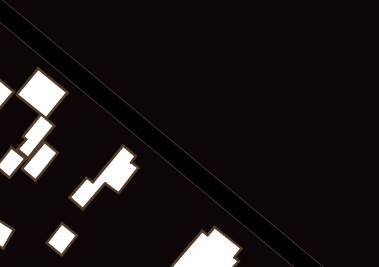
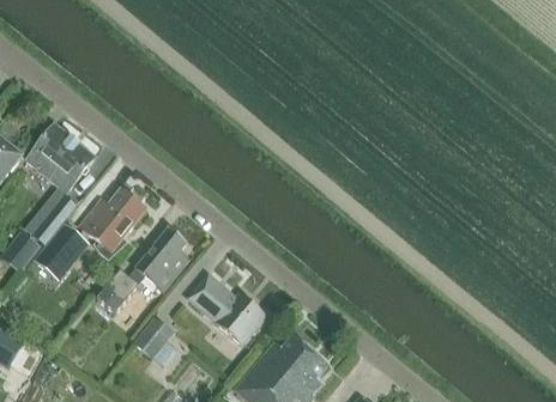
building: none -> [78,189,146,257]
building: none -> [188,275,266,345]
building: [47,223,77,255] -> [131,316,171,359]

